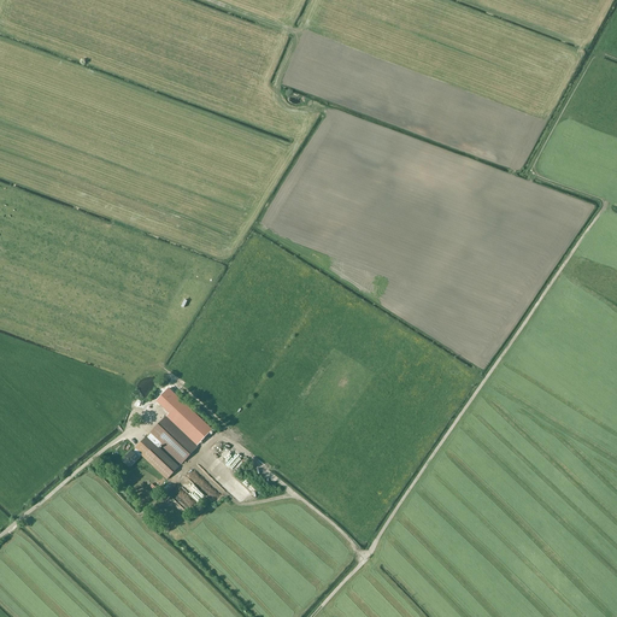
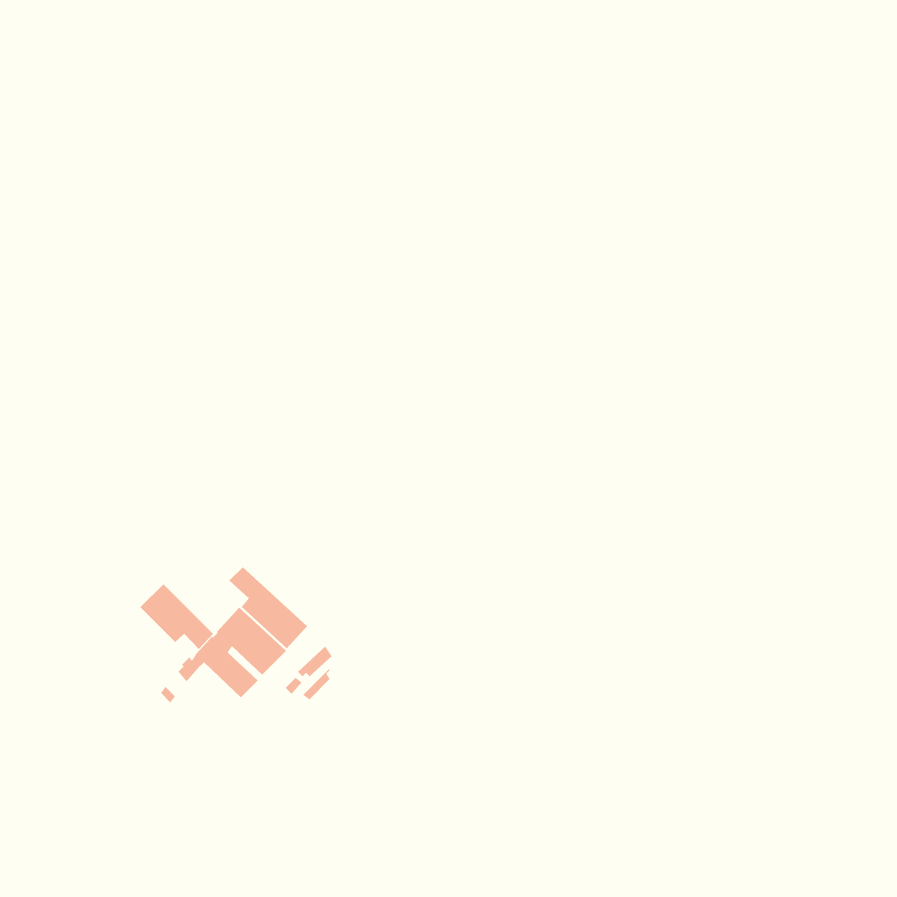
building: none -> [140,583,214,650]

